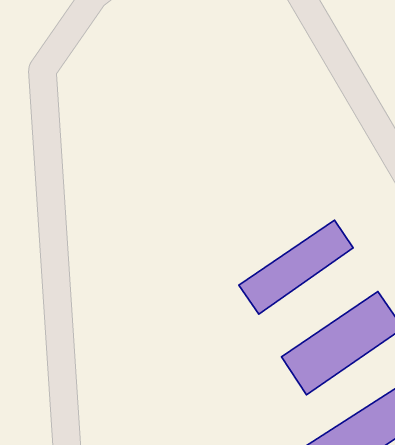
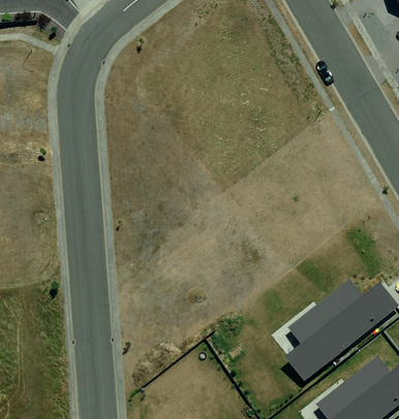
building: [239,220,353,314] -> none

